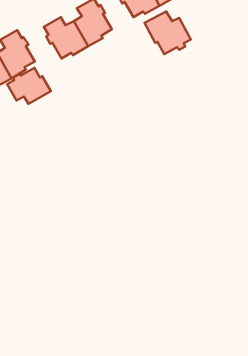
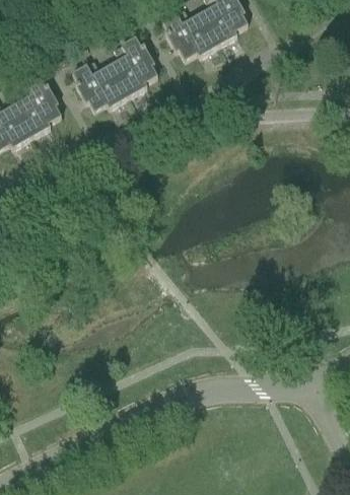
building: [145,11,191,54] -> none
building: [7,68,51,104] -> none

